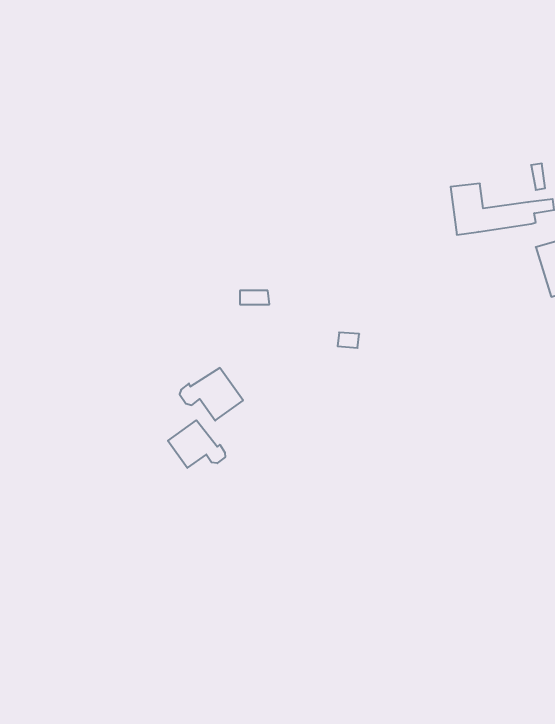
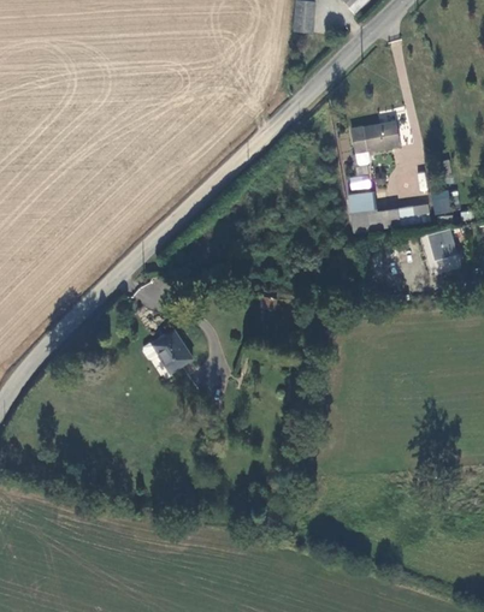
building: none -> [356,119,401,161]
building: [168,420,225,468] -> none

